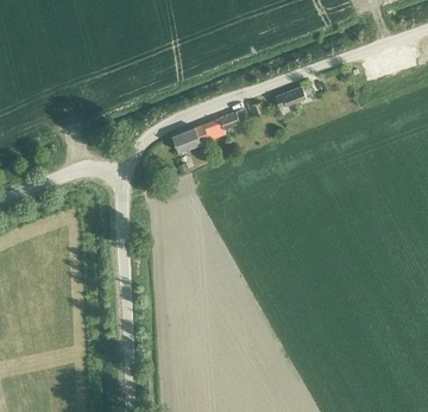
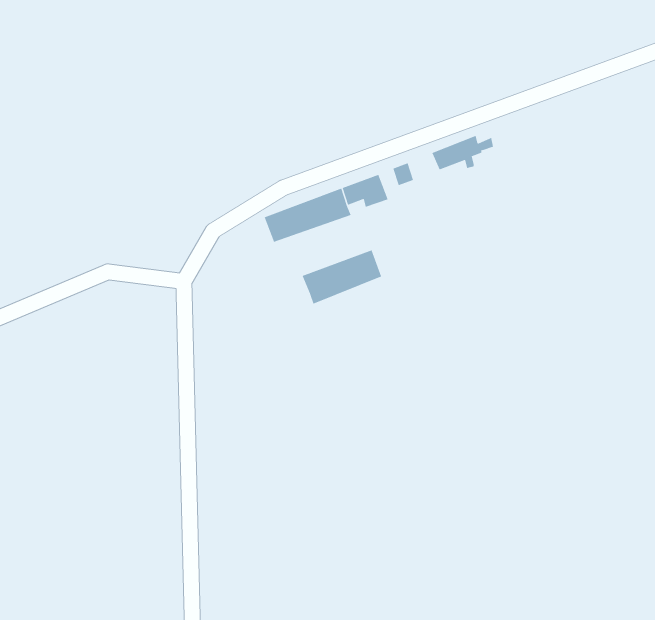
building: none -> [302,249,382,305]

